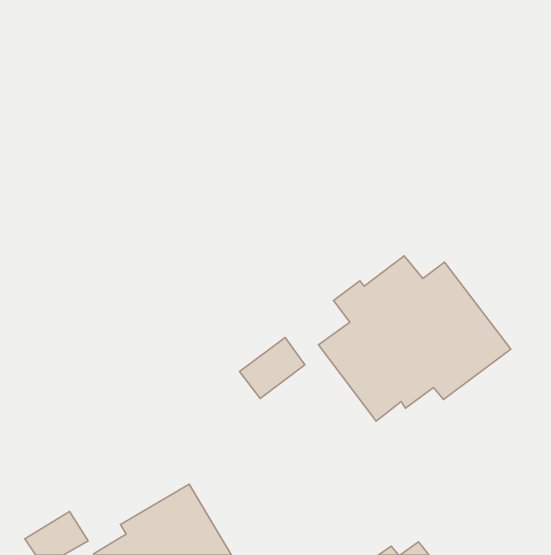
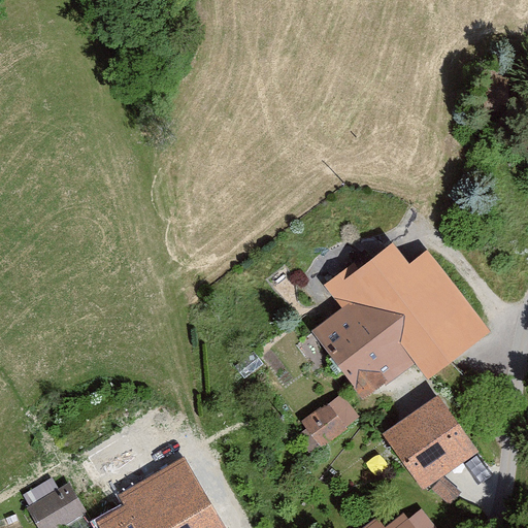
building: [240,338,305,399] -> [302,391,364,449]
building: none -> [381,394,480,492]

